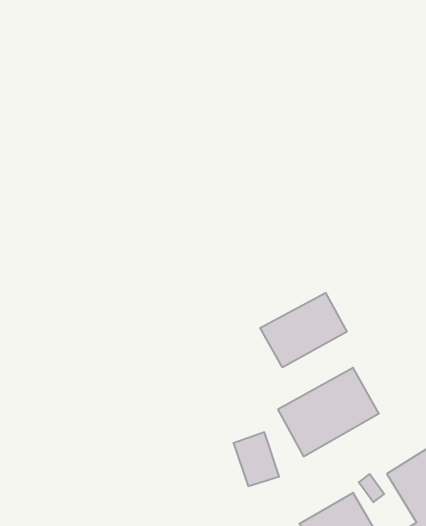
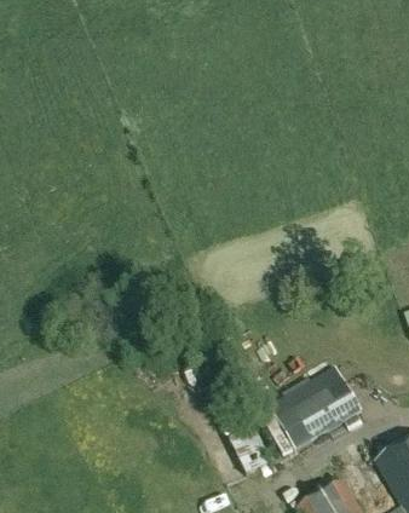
building: [260,293,347,367] -> none

